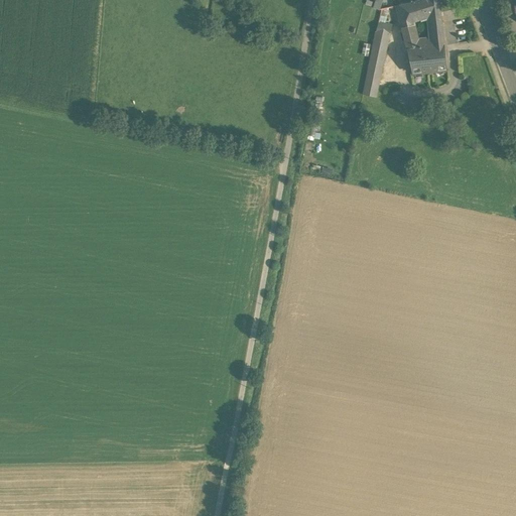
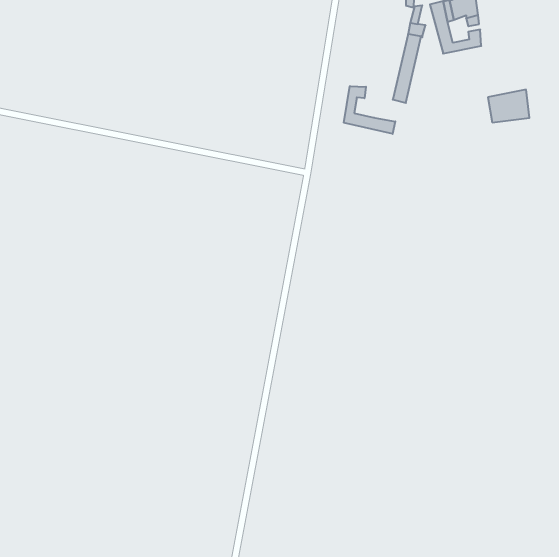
building: [408,42,446,73] -> [488,90,529,122]
building: none -> [344,86,395,134]

